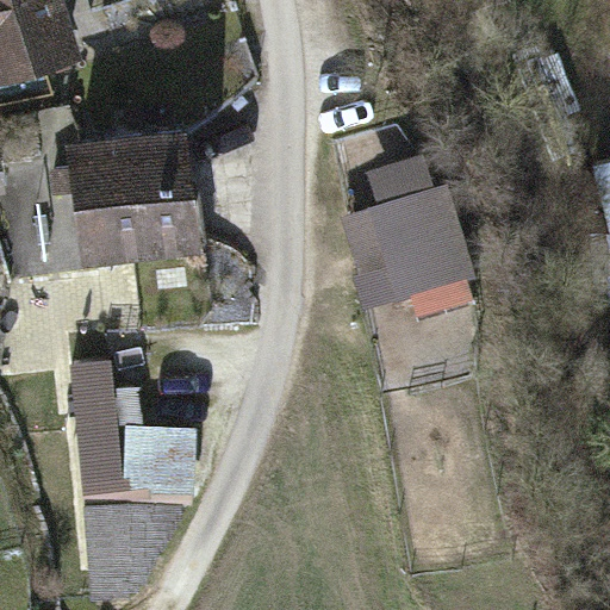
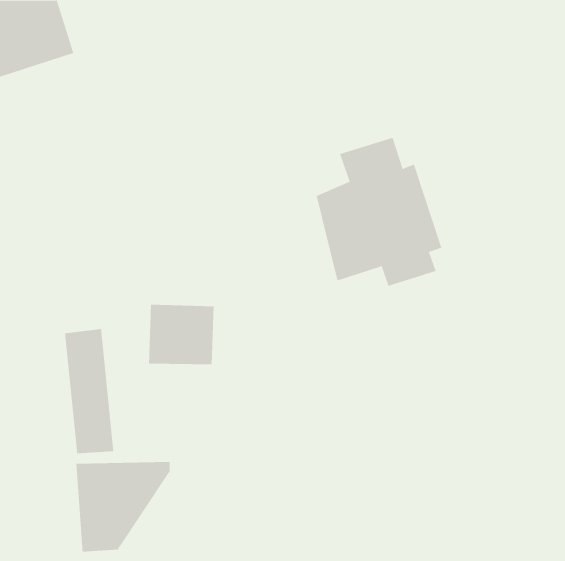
building: [68,132,200,268] -> none
building: [124,424,195,490] -> [148,304,215,365]

